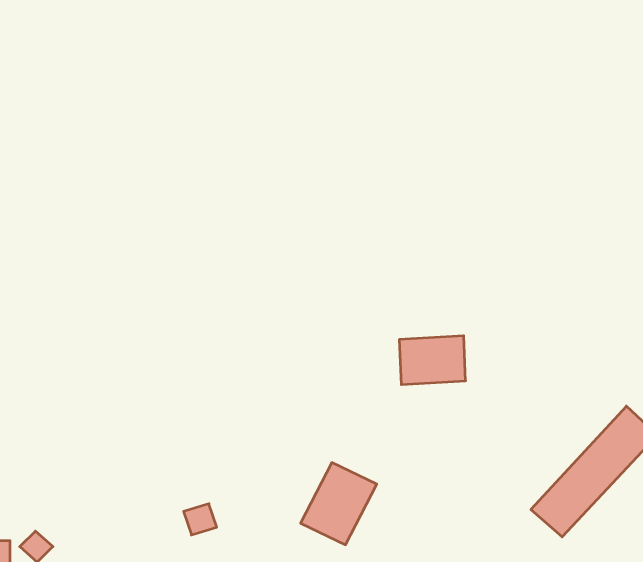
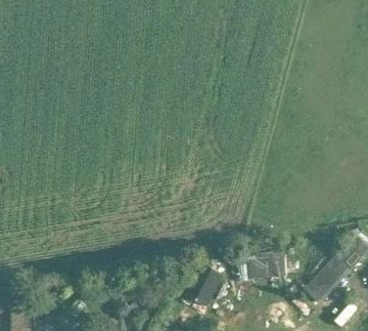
building: [399,336,466,385] -> [247,253,282,279]

